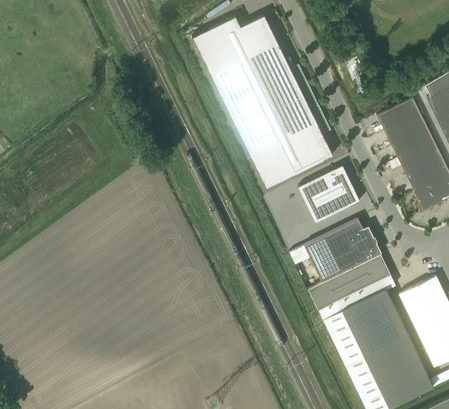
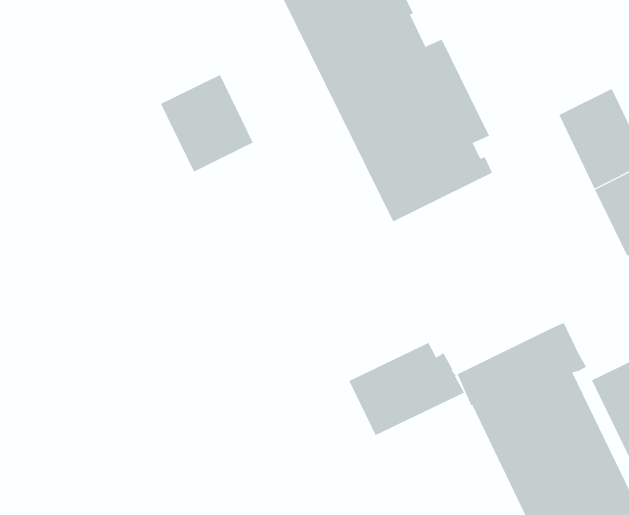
building: none -> [160,74,253,172]
building: [298,167,360,223] -> none
building: [304,219,382,282] -> [348,342,465,436]

